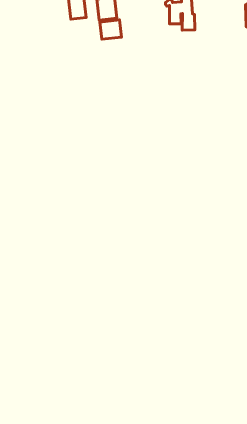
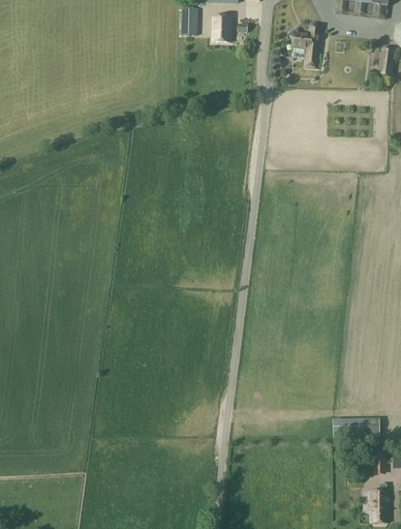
building: [100,20,122,39] -> none

